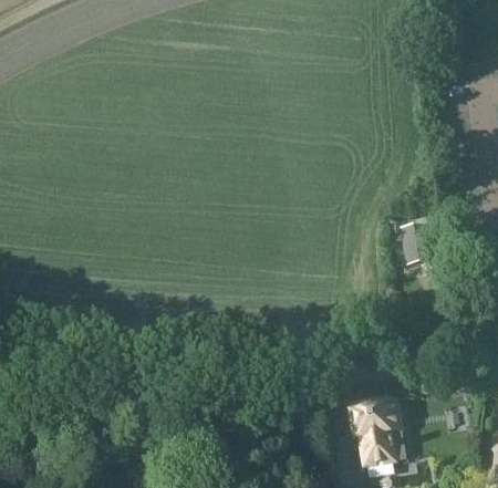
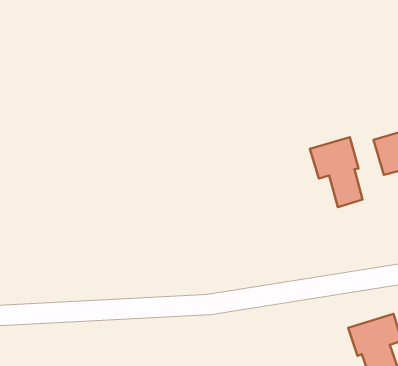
building: none -> [310,137,362,207]

